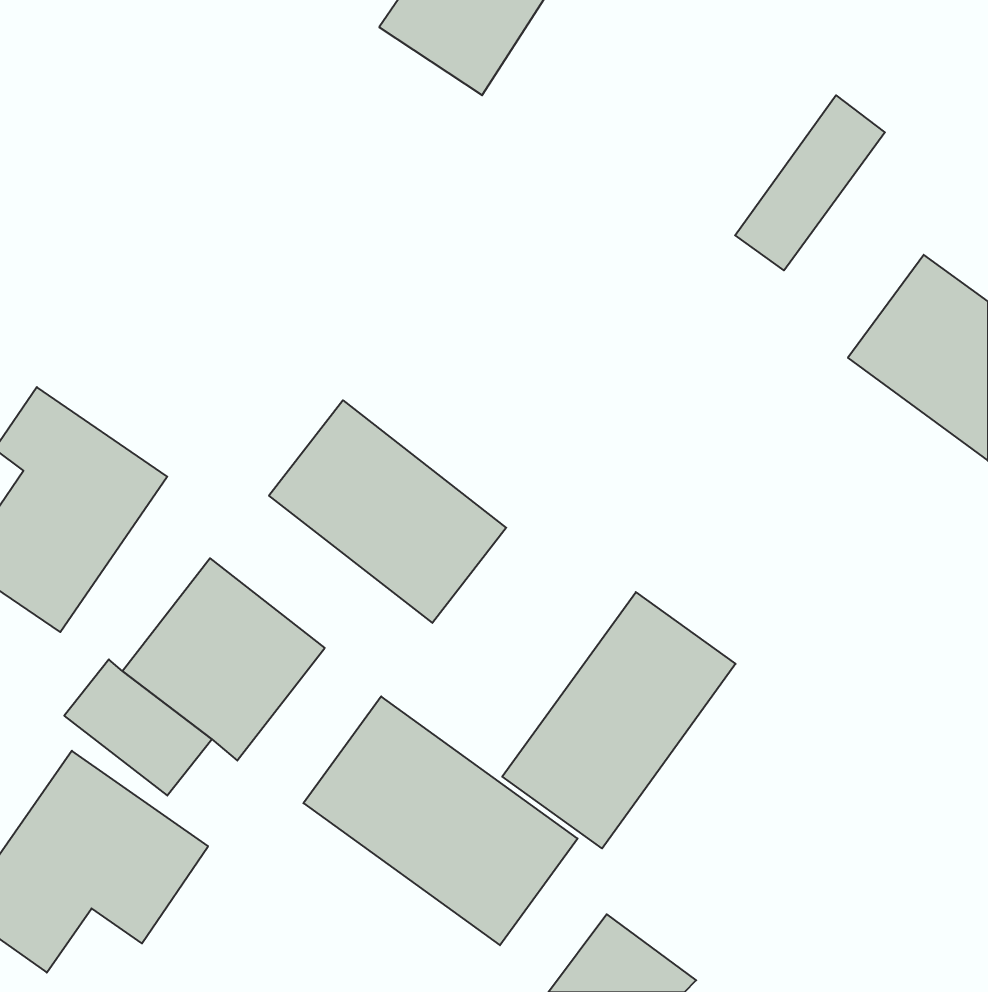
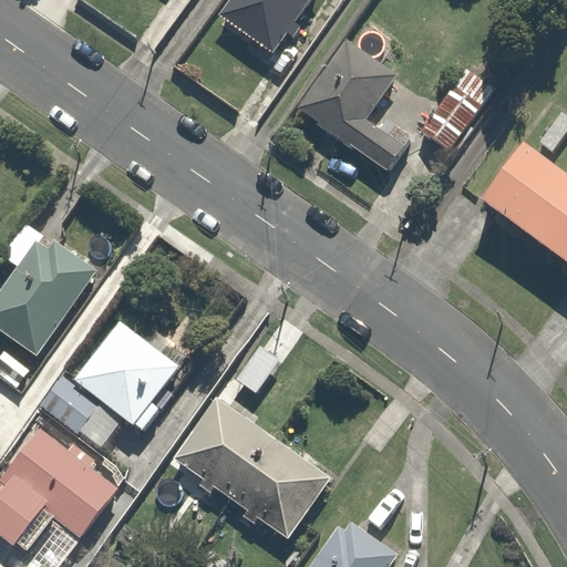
building: none -> [296,38,411,172]
building: [269,400,506,623] -> none
building: [502,592,736,848] -> none

